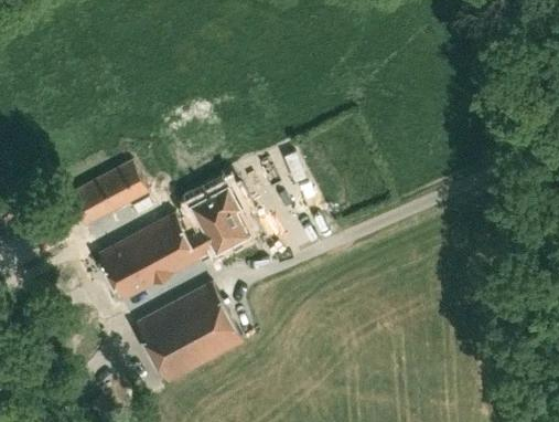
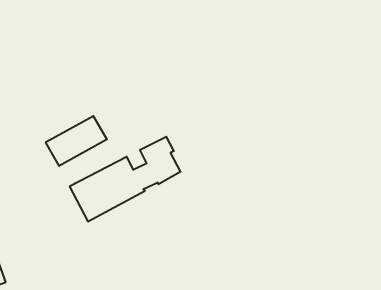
building: [135,283,241,382] -> none

